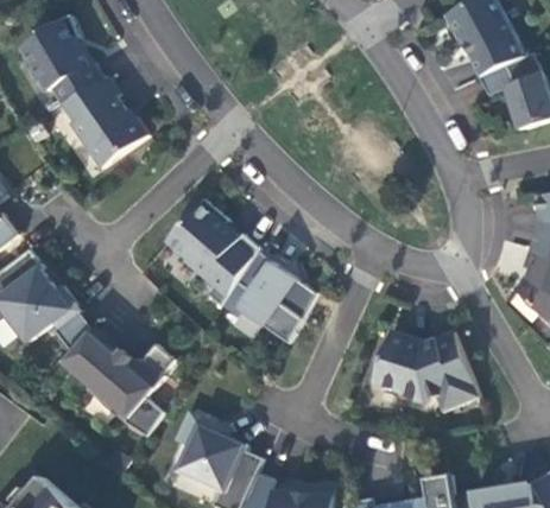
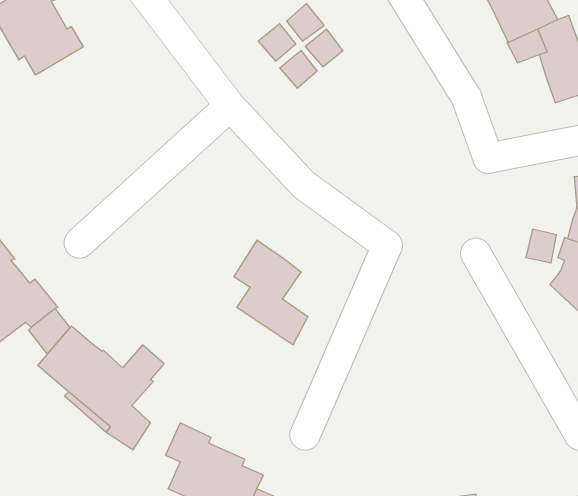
building: [63,77,147,167] -> none
building: [166,198,259,305] -> none
building: [373,330,479,412] -> none

